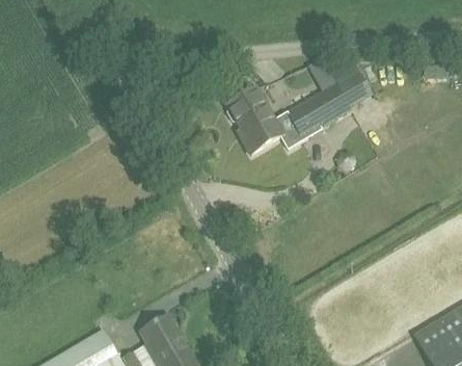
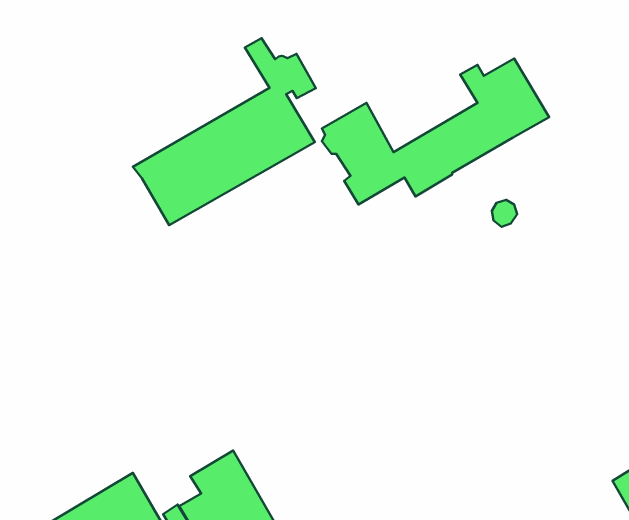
building: none -> [133,38,316,225]

